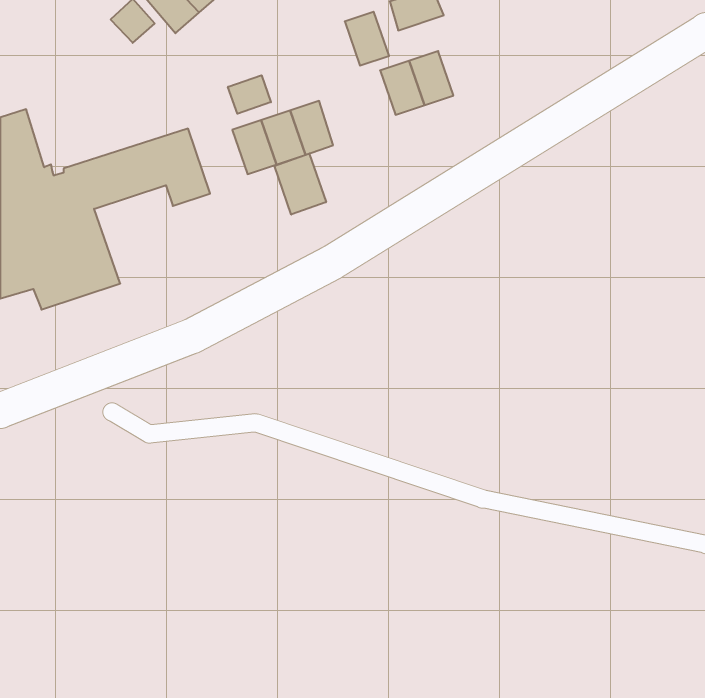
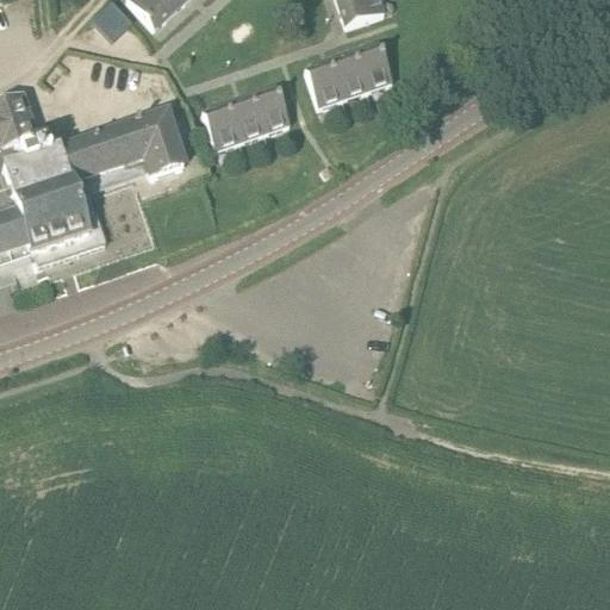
building: [345,12,389,66] -> [304,61,342,107]
building: [228,75,271,114] -> none
building: [274,153,326,215] -> none

